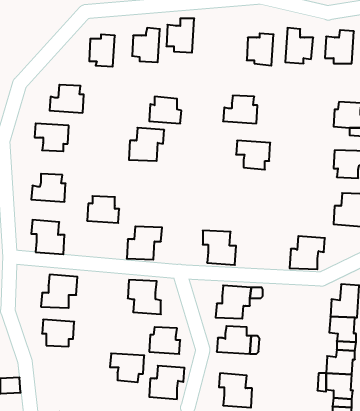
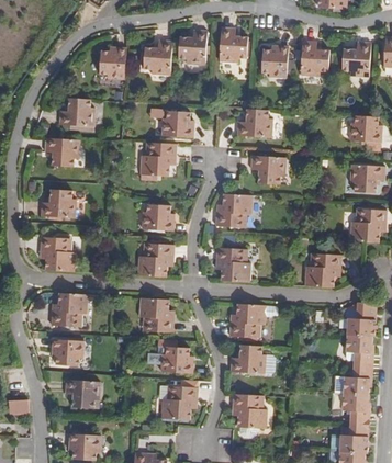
building: none -> [219,26,248,61]
building: none -> [215,193,251,227]
building: [87,196,119,223] -> [142,203,175,230]
building: [110,353,144,382] -> [65,379,100,408]

